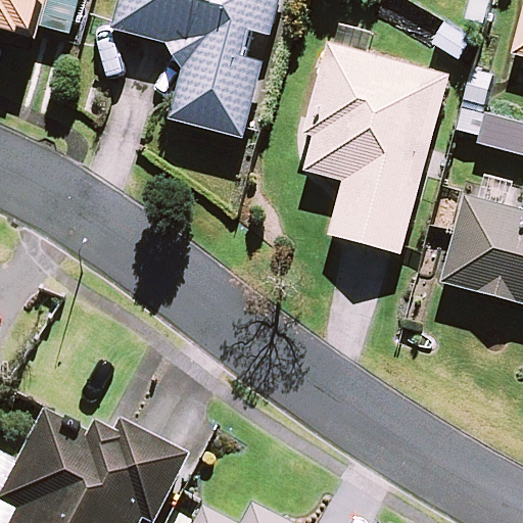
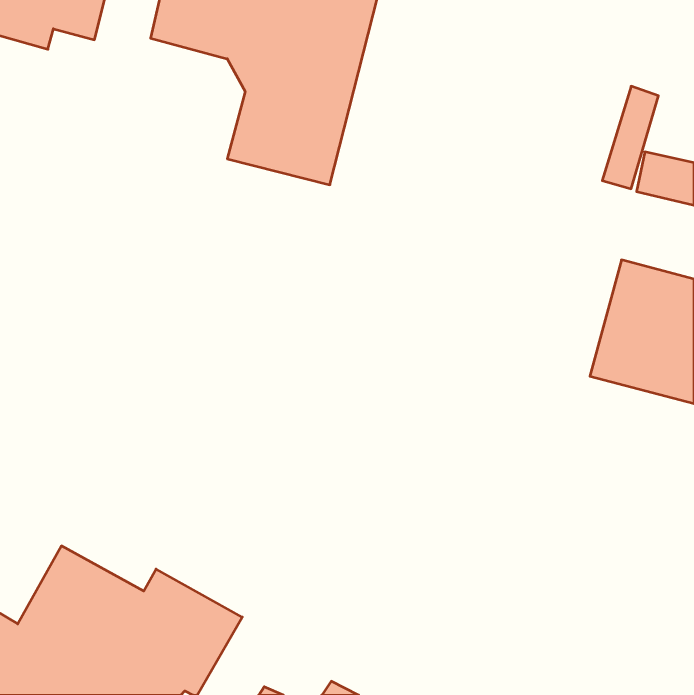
building: [302,44,445,252] -> none

